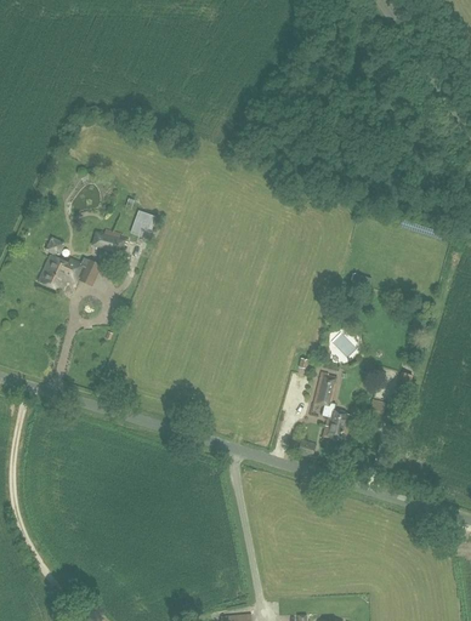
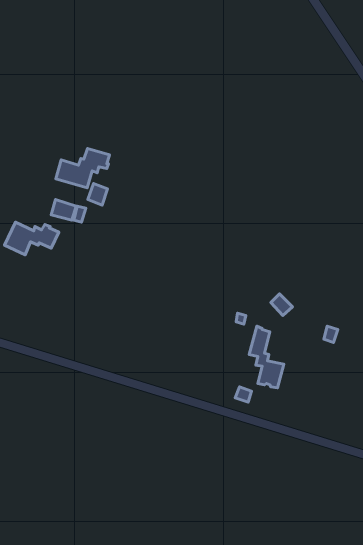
building: none -> [56,148,110,188]

